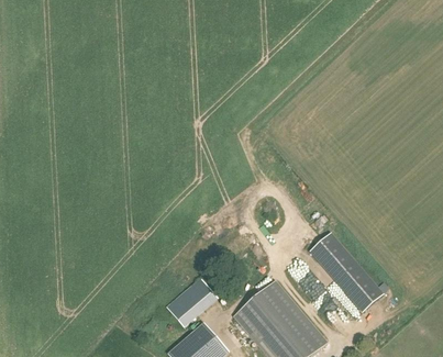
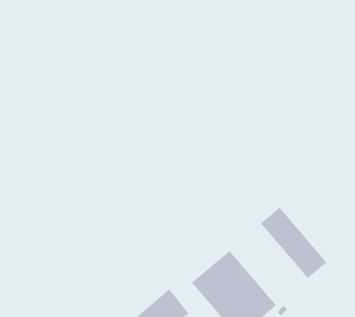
building: [165,278,217,327] -> none

